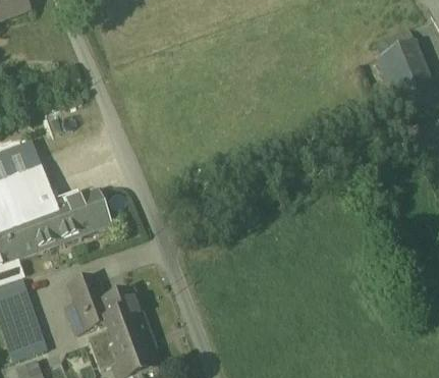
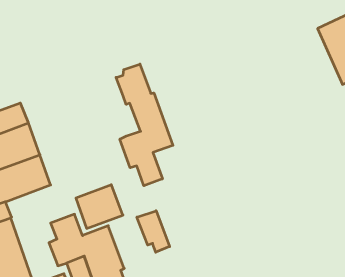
building: none -> [116,64,173,186]
building: [55,186,109,236] -> [76,185,123,228]
building: none -> [137,211,170,252]

